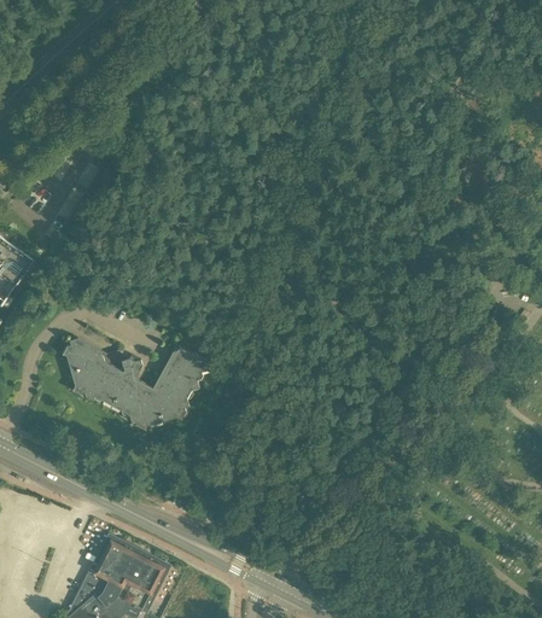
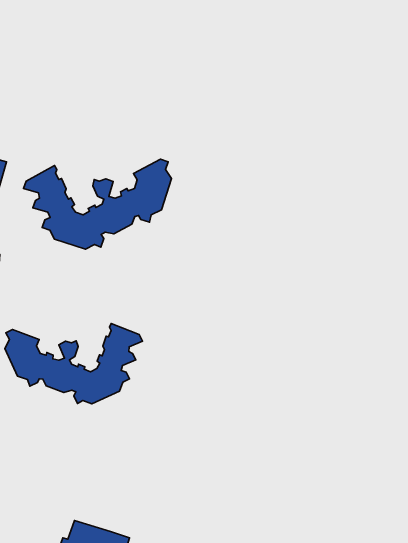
building: none -> [23,159,171,249]

